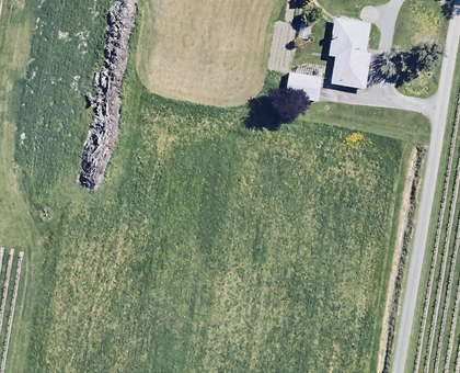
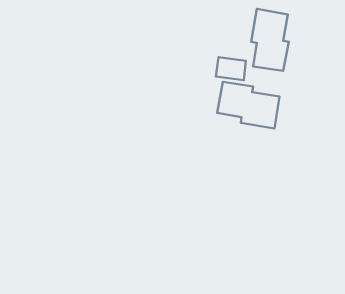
building: none -> [217,82,280,128]

